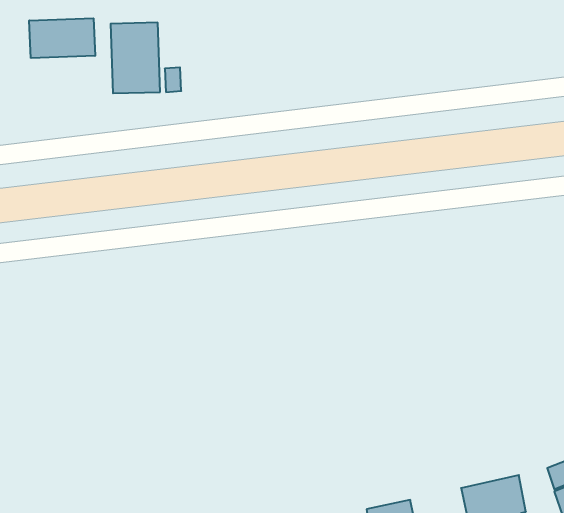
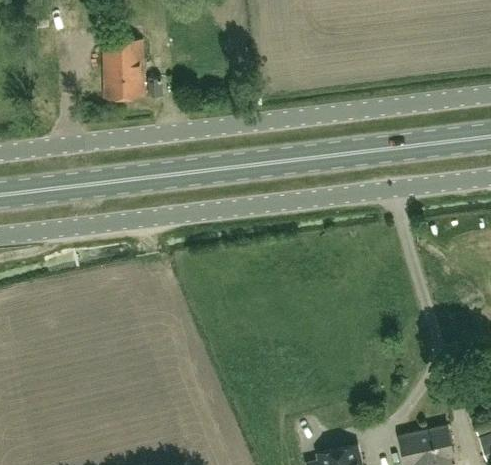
building: [29,18,95,58] -> none

